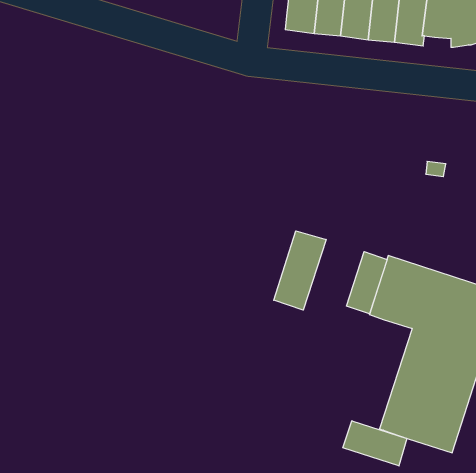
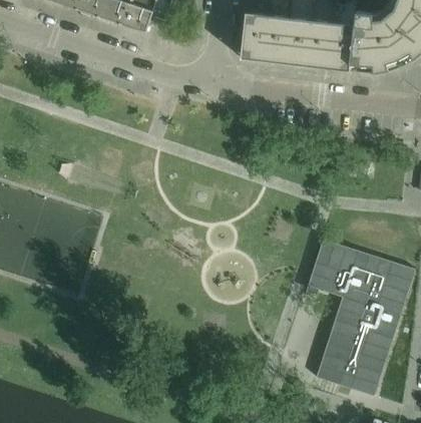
building: [274,231,326,310] -> none
building: [347,252,387,314] -> none
building: [343,421,407,466] -> none

